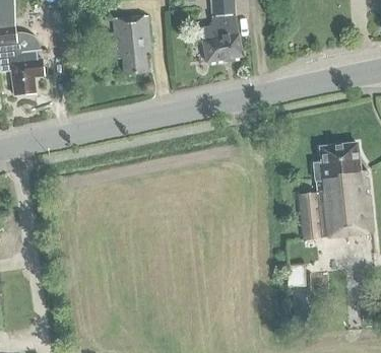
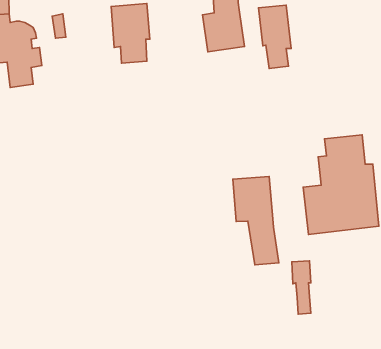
building: none -> [259,5,291,68]
building: none -> [233,177,279,265]

